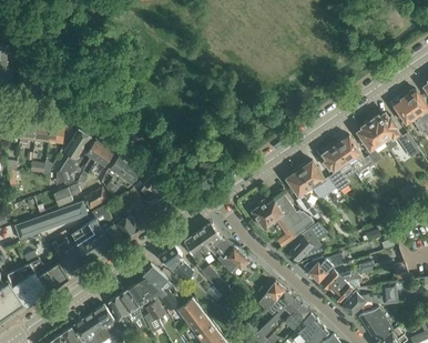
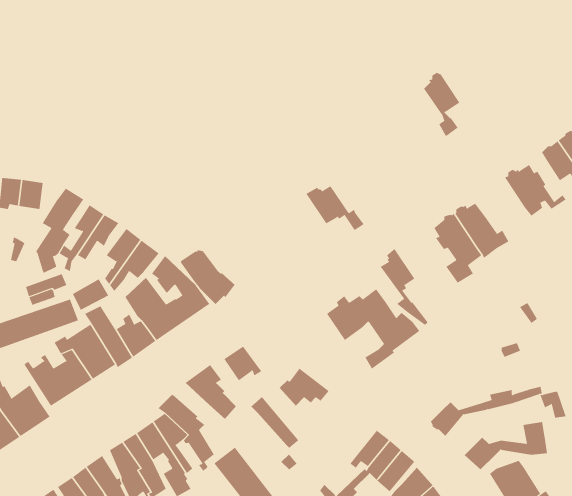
building: [357,121,381,163] -> [423,72,460,136]
building: [296,162,335,192] -> [306,185,364,231]
building: [287,222,327,260] -> none
building: [196,223,233,260] -> [180,249,236,305]
building: [303,252,345,281] -> none
building: [329,274,360,302] -> none
building: [254,280,284,310] -> none

